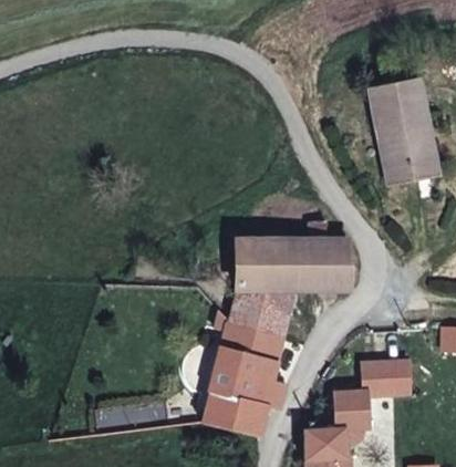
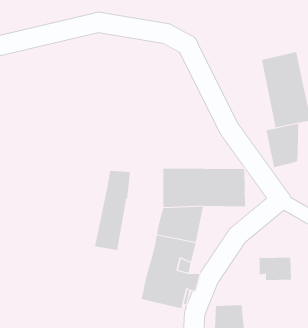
building: none -> [266,123,299,168]
building: none -> [95,170,131,251]
building: [336,391,371,444] -> none

